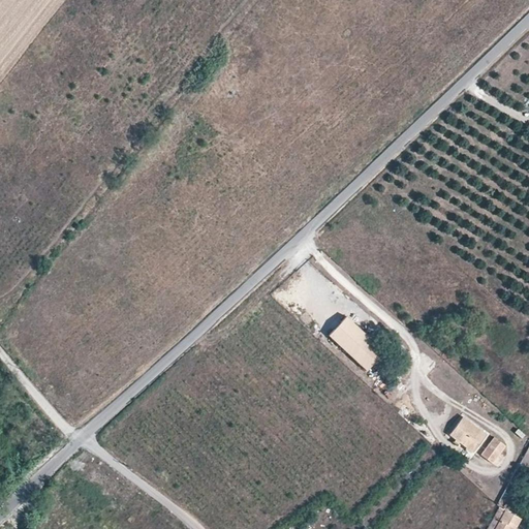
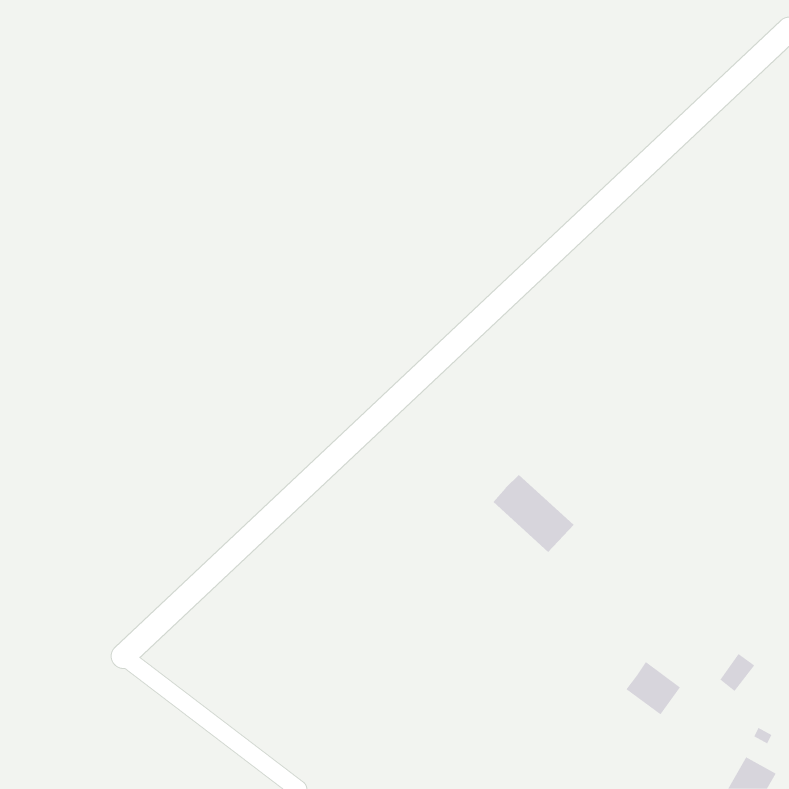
building: [449,416,487,453] -> [625,661,681,715]

